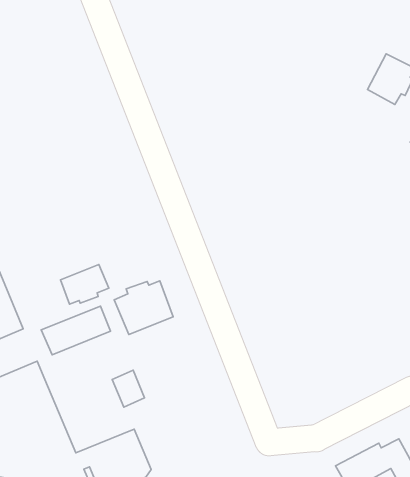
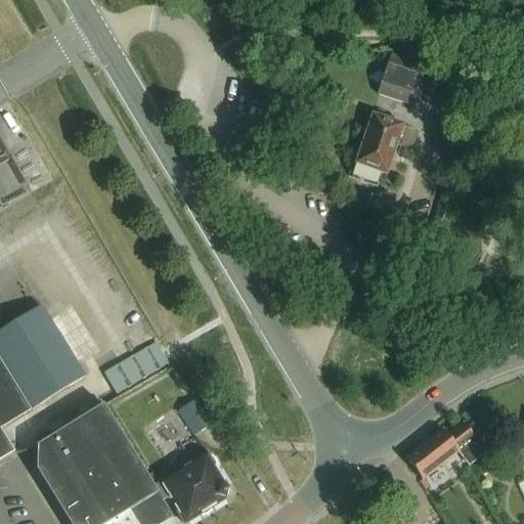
building: none -> [356,114,402,172]
building: [60,264,109,304] -> none
building: [114,281,173,334] -> none

